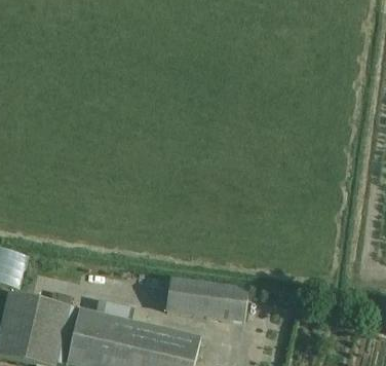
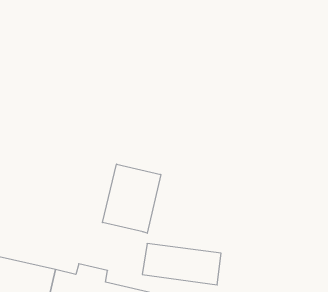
building: none -> [102,164,161,233]

